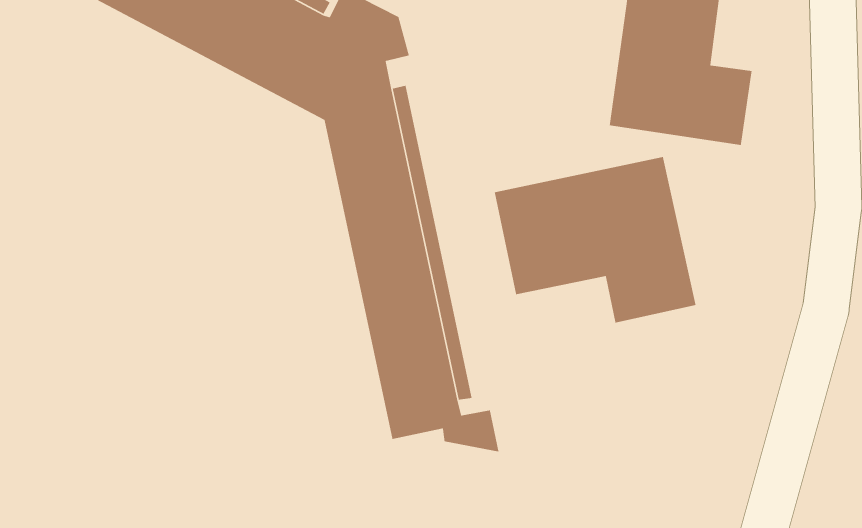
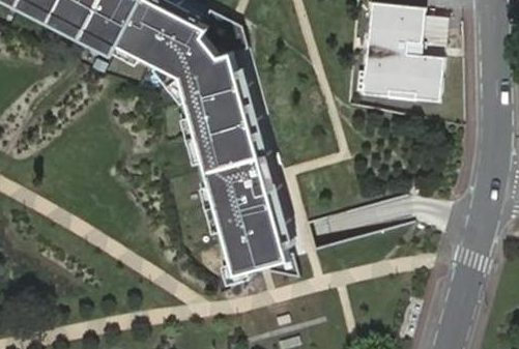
building: [494,156,697,323] -> none

